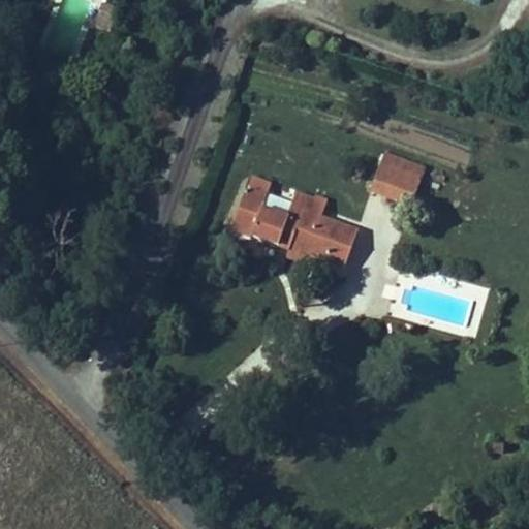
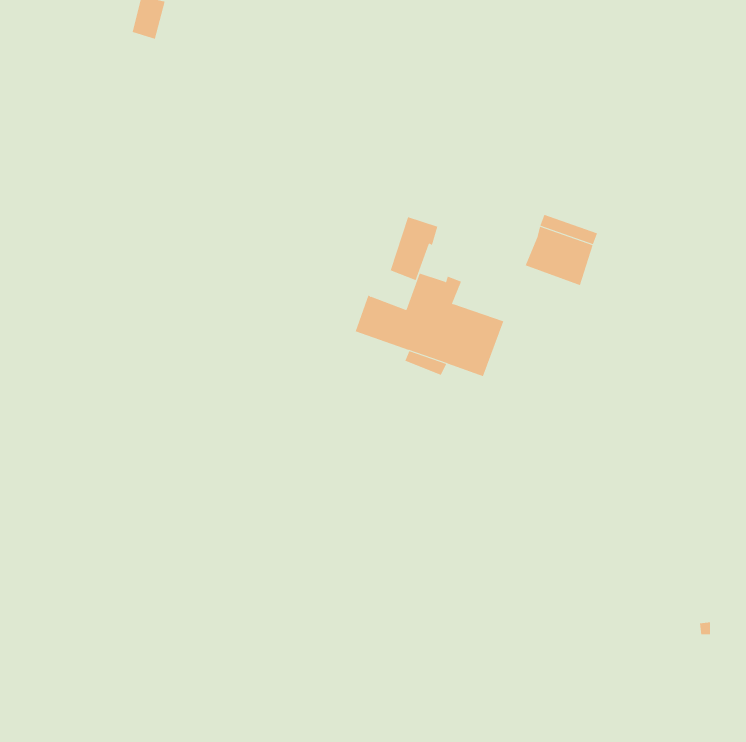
building: [234,188,268,234] -> [390,216,438,281]

